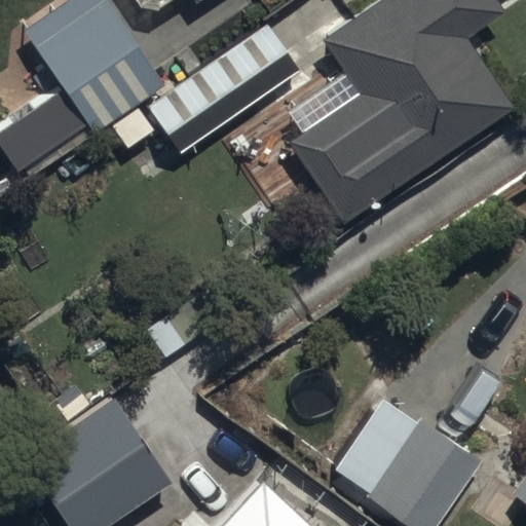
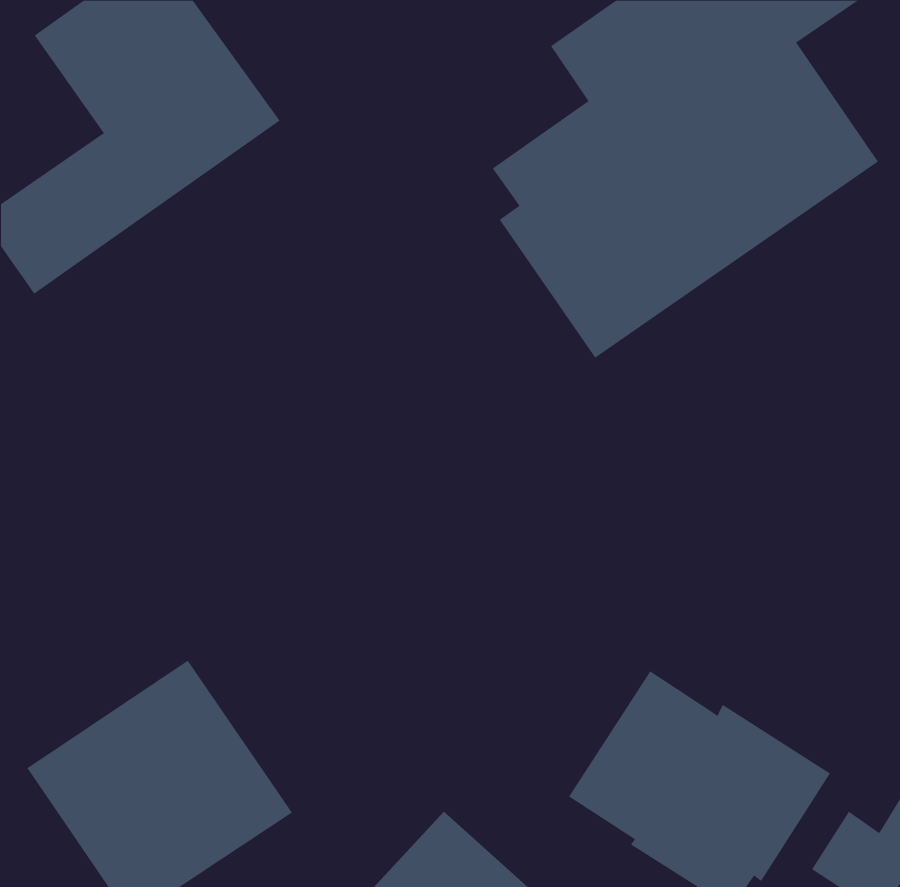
building: [149,25,301,155] -> none

